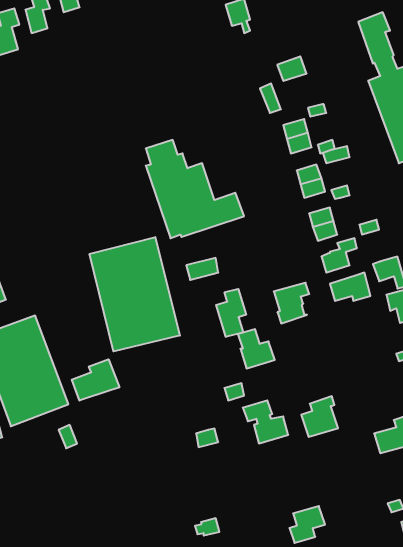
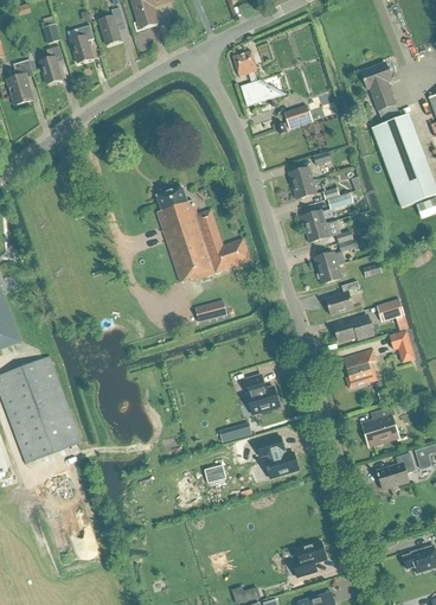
building: none -> [241,81,286,107]
building: [90,237,180,351] -> none
building: [274,283,309,323] -> [342,349,377,388]
building: [216,289,246,337] -> none
building: [72,359,119,401] -> none
building: [301,396,338,437] -> [363,406,398,445]

